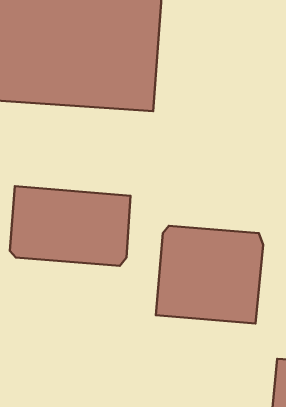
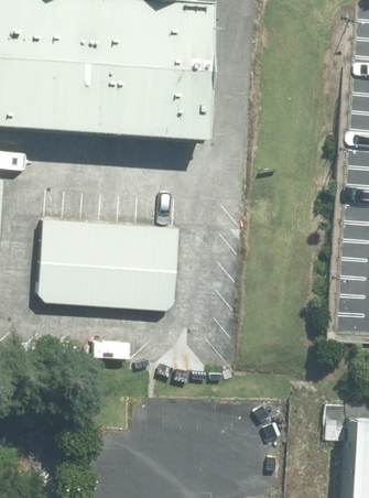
building: [156,226,263,323] -> none

